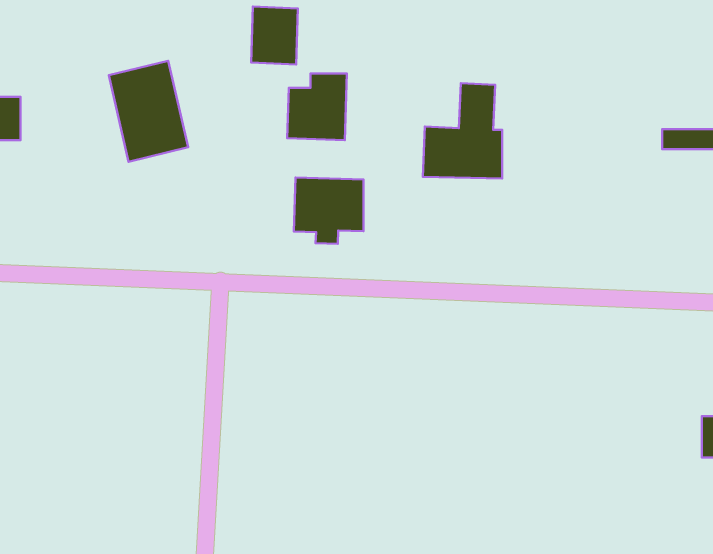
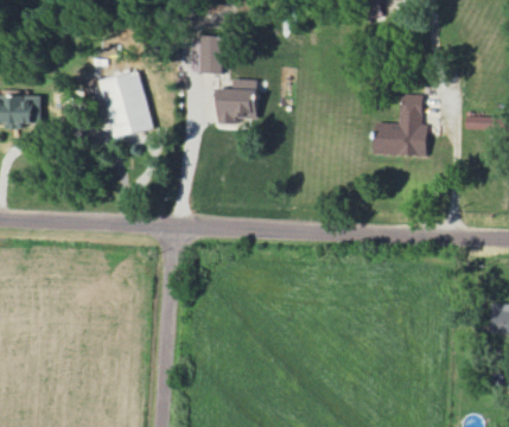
building: [423,83,502,179] -> [373,94,425,157]
building: [294,177,364,244] -> none

